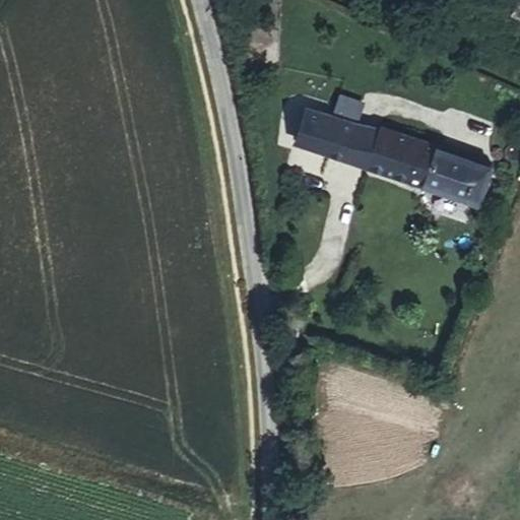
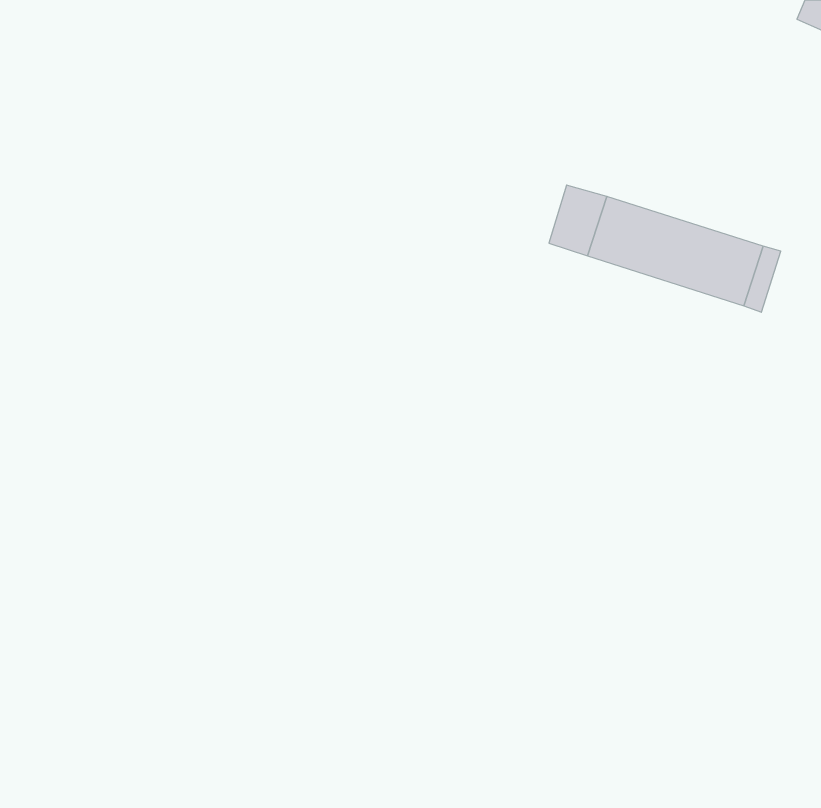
building: [295,109,359,162] -> none

